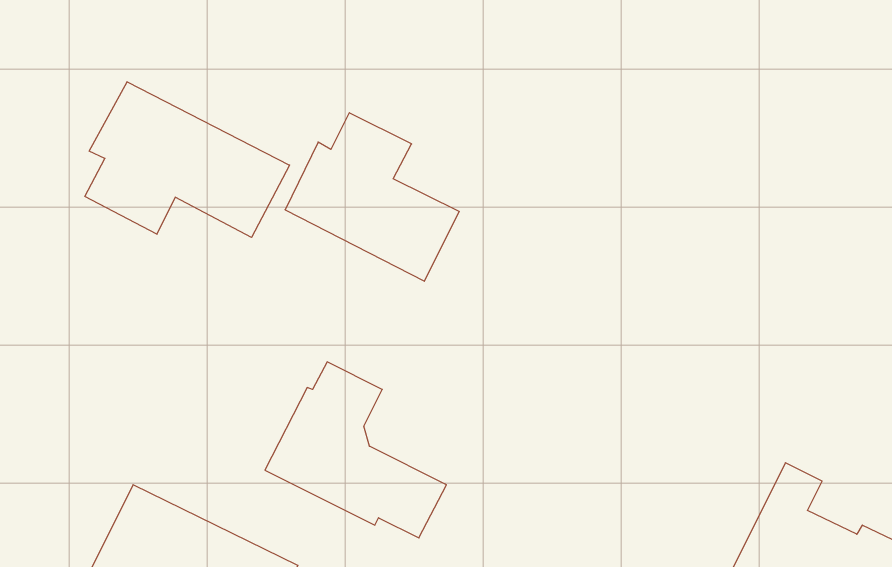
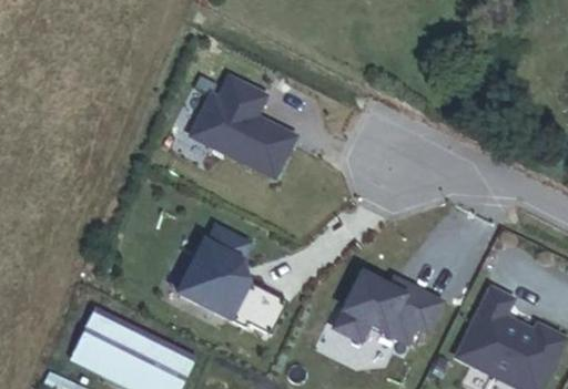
building: [85,82,290,237] -> none
building: none -> [336,276,443,345]

